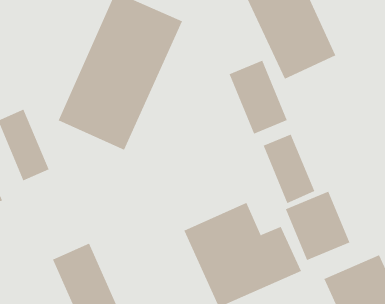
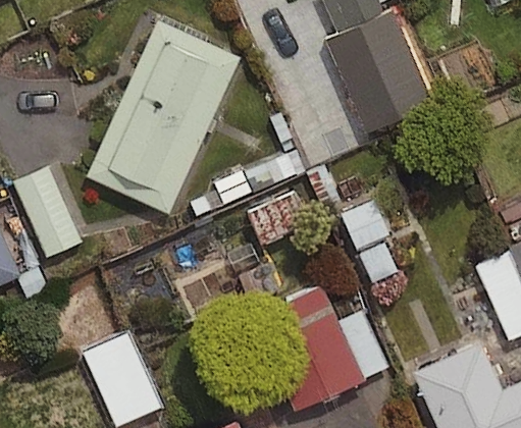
building: [229,60,288,135] -> none
building: [285,191,350,261] -> none

